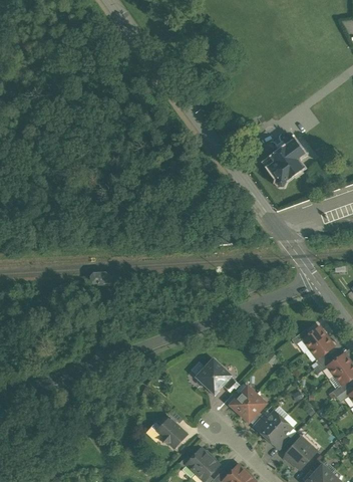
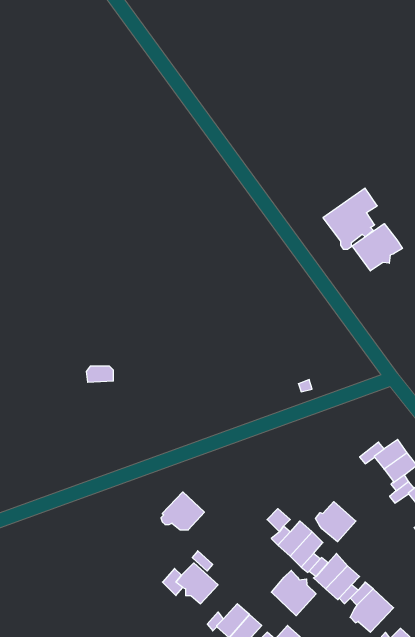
building: none -> [352,224,402,271]
building: [198,360,230,389] -> [161,492,204,530]
building: none -> [315,502,356,542]
building: none -> [271,570,316,616]

